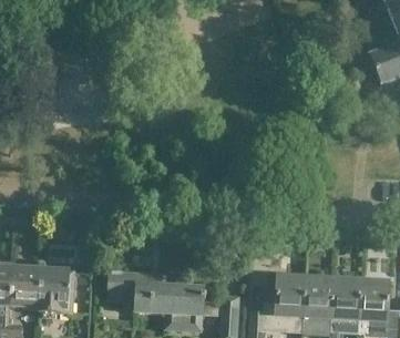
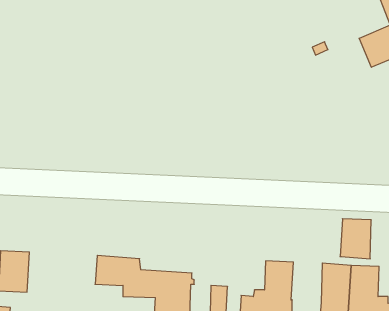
building: [38,266,74,313] -> none
building: [301,276,332,316] -> [340,219,371,259]

